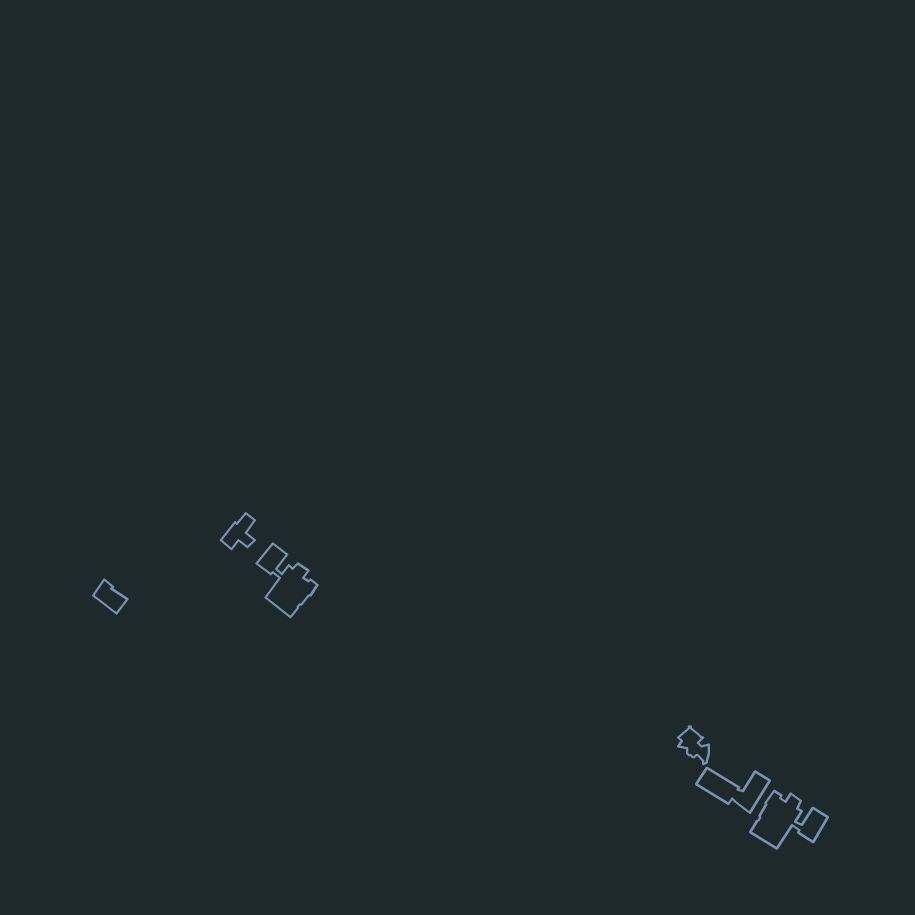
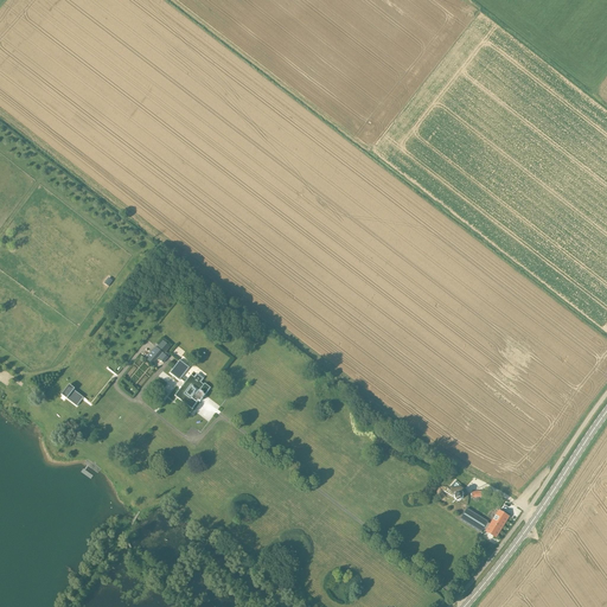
building: [750,791,828,848] -> none

